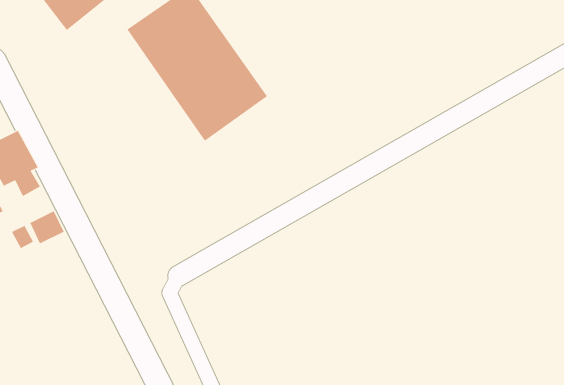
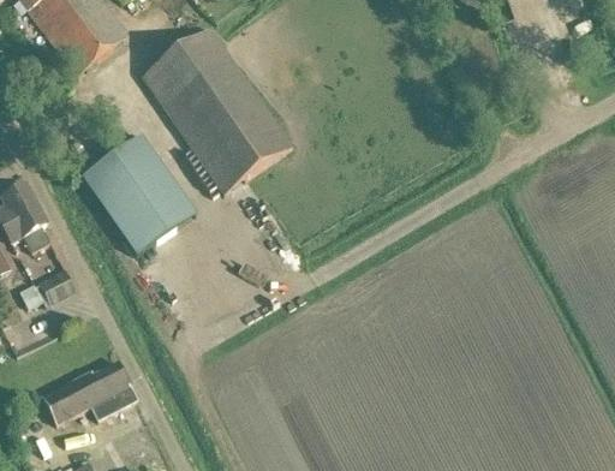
building: none -> [80,133,195,254]
building: none -> [40,360,136,423]

